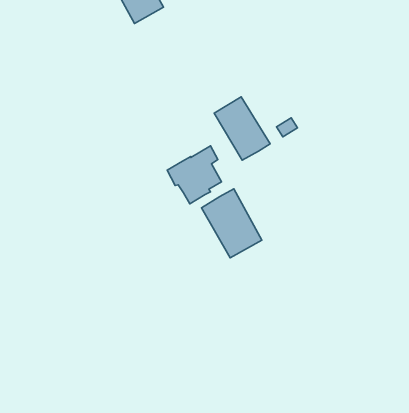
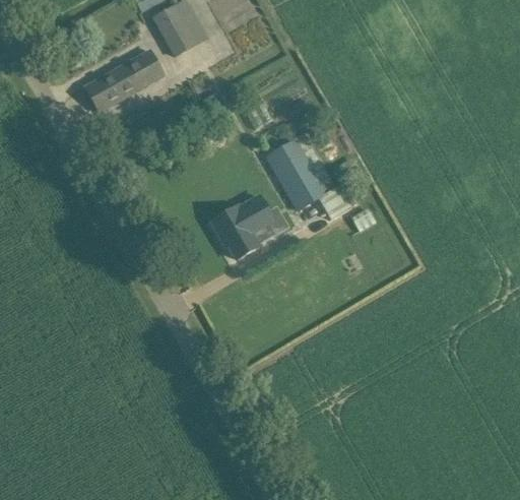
building: none -> [85,50,165,112]
building: [202,189,262,258] -> none

